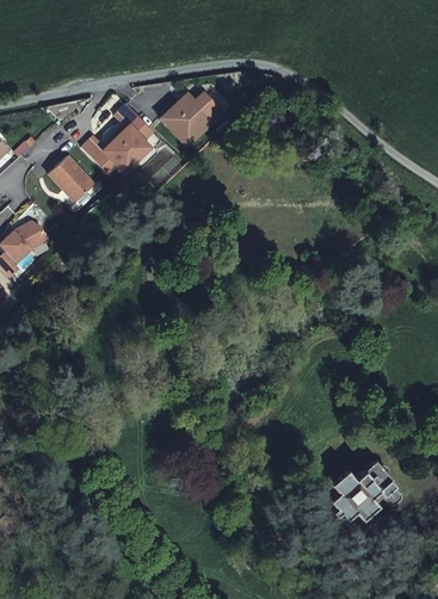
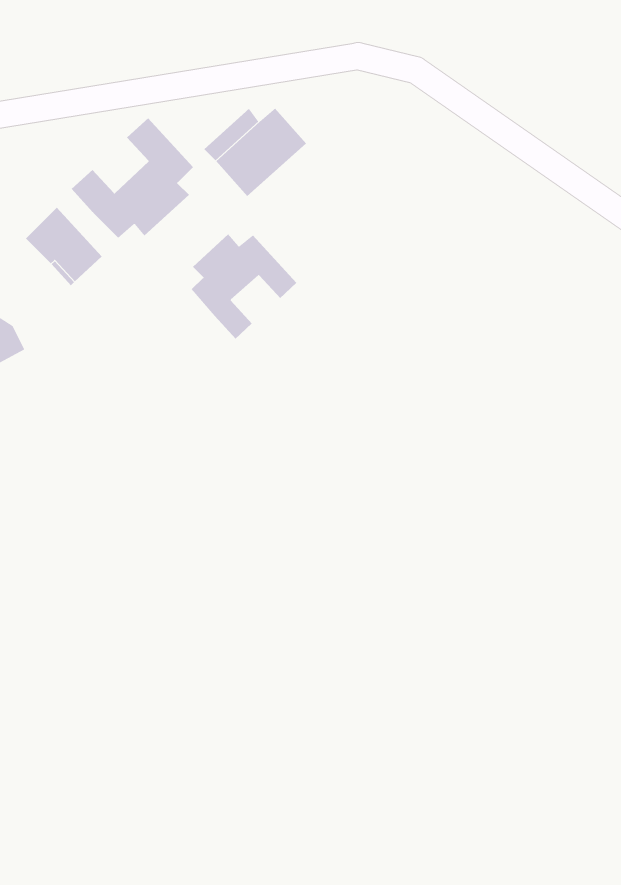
building: none -> [191,233,297,339]
building: [326,461,400,521] -> none

